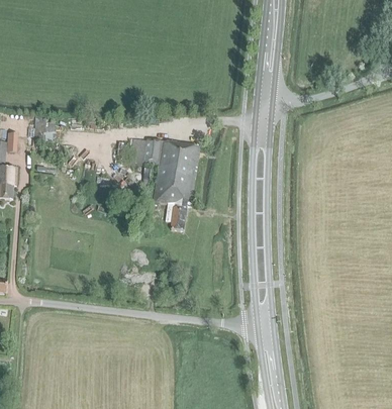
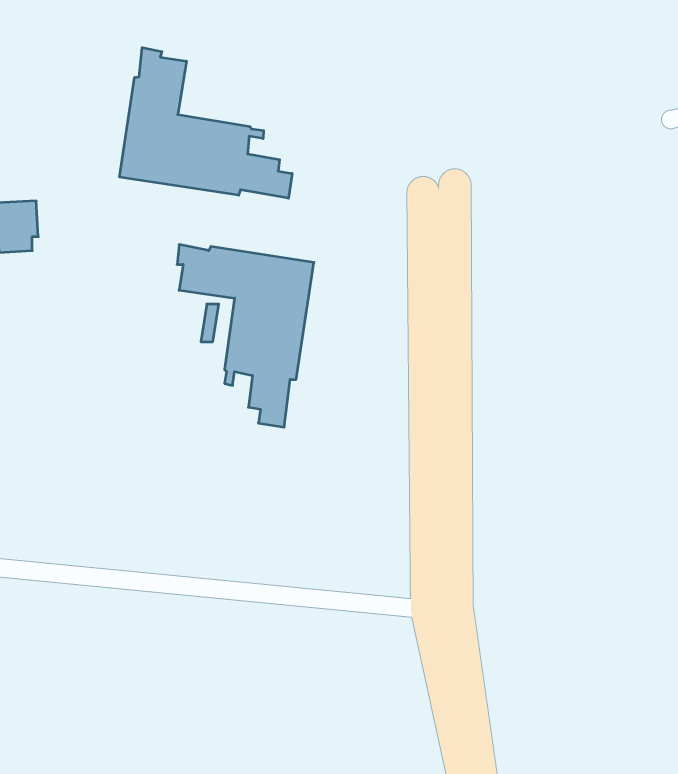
building: none -> [120,48,292,198]

